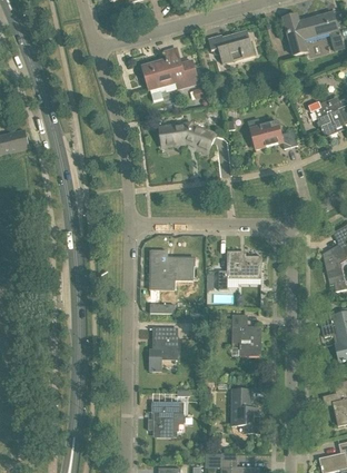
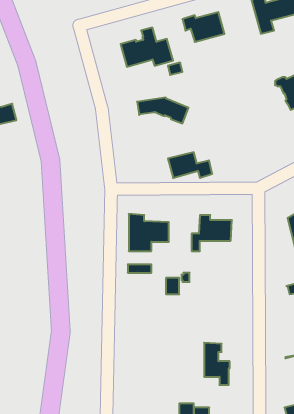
building: [249,120,297,148] -> [168,152,212,178]
building: [231,314,260,354] -> none
building: [149,327,177,369] -> none
building: [148,401,184,434] -> none

